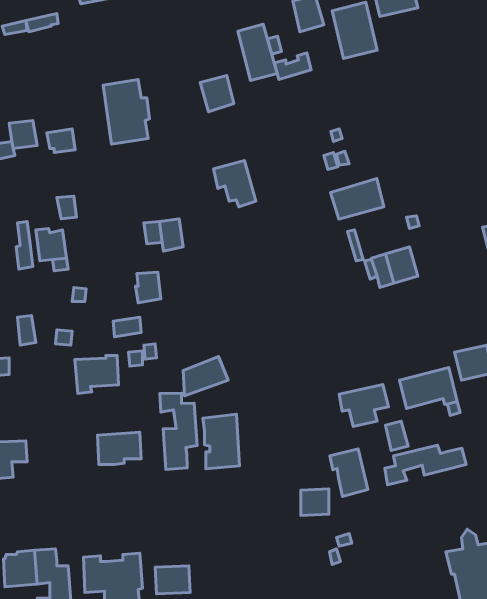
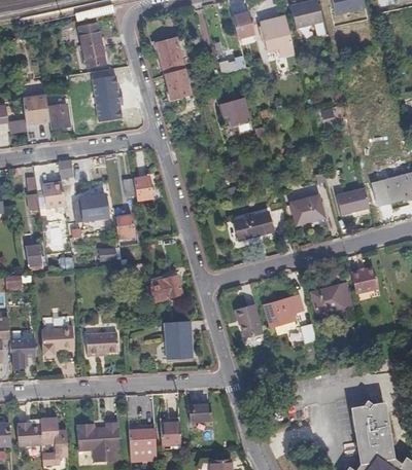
building: none -> [76,24,105,66]
building: [238,24,277,80] -> [154,34,183,75]
building: [214,161,256,207] -> [219,97,250,131]
building: [331,179,384,219] -> [233,211,272,241]
building: none -> [336,188,369,214]
building: none -> [74,192,109,220]
building: [75,355,118,393] -> [43,325,75,353]
building: [160,393,197,470] -> none
building: [385,445,466,485] -> none
building: [330,449,368,497] -> [236,301,264,336]
building: [301,489,329,515] -> [191,401,211,421]
building: none -> [162,420,181,443]

